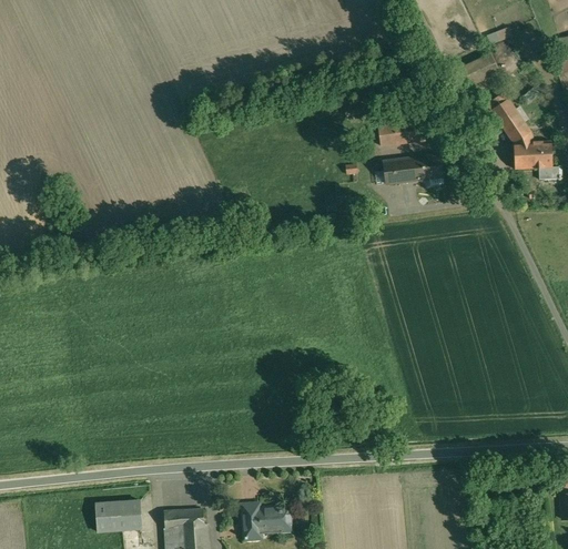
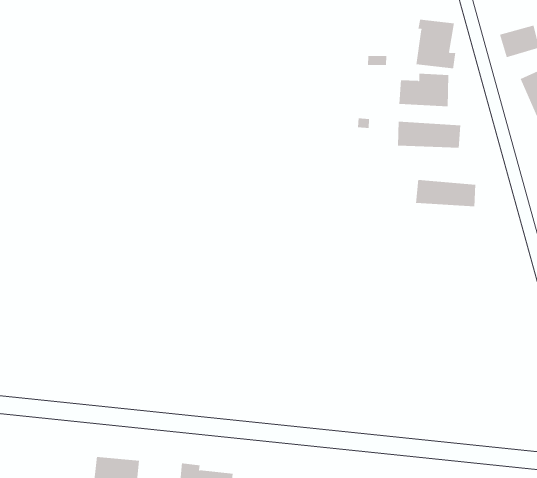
building: none -> [416,19,456,69]
building: none -> [416,179,476,207]
building: [97,501,143,532] -> none

